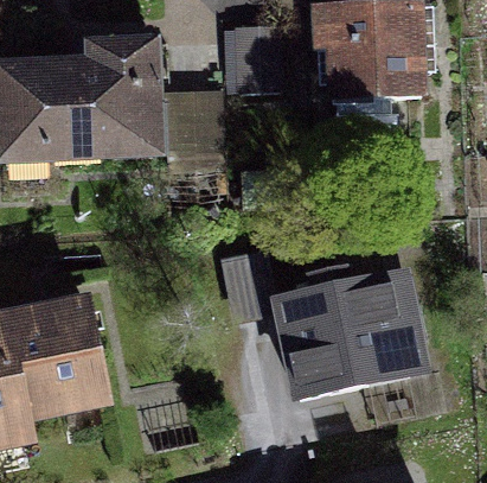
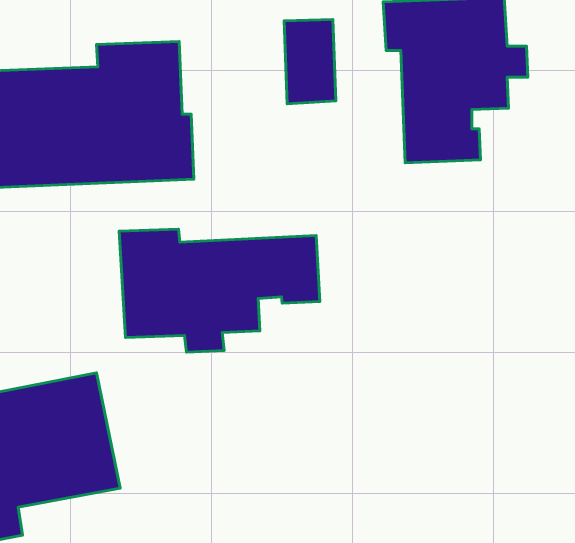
building: none -> [119,229,320,352]
building: [280,236,414,399] -> none

